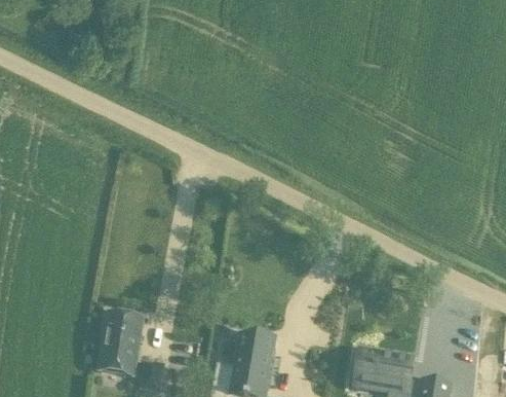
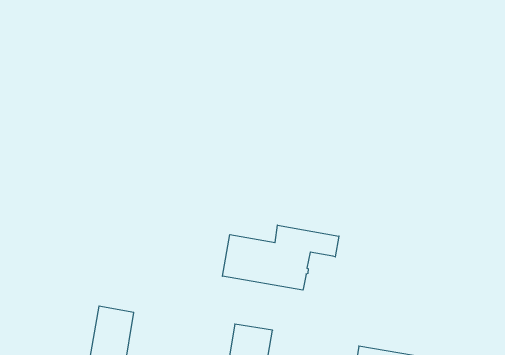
building: none -> [222,225,339,290]

